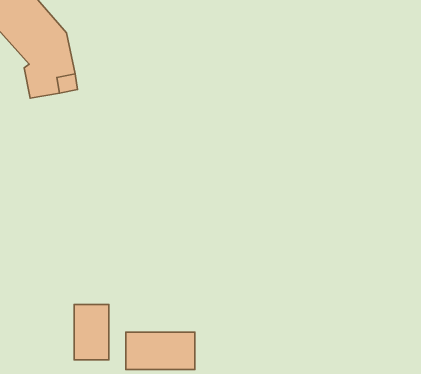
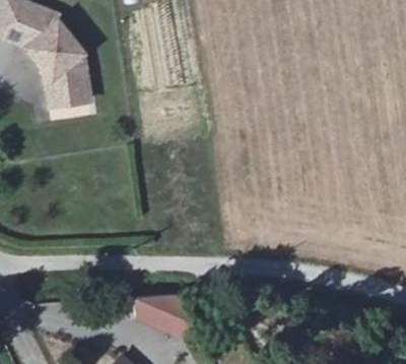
building: [74,305,109,360] -> none

